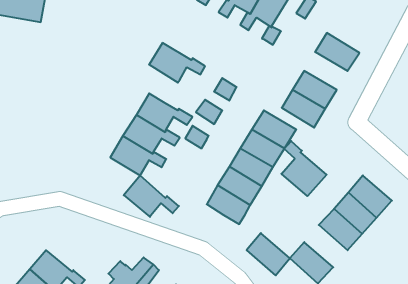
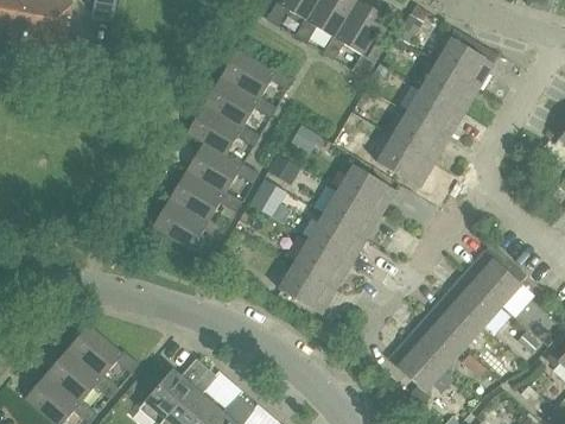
building: none -> [437,37,494,88]
building: none -> [221,46,294,97]
building: none -> [407,87,464,137]
building: none -> [186,103,260,154]
building: [281,141,327,196] -> none
building: [124,175,179,217] -> [68,322,140,376]
building: [247,233,290,275] -> [407,315,464,371]

